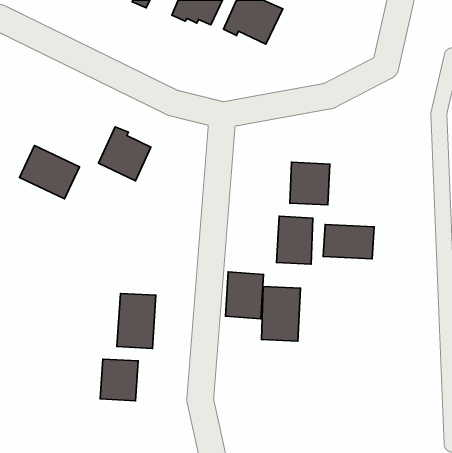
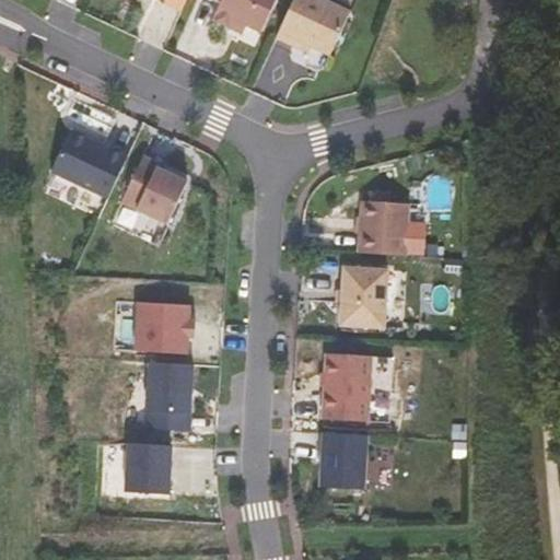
building: [19,146,80,199] -> [51,131,126,197]
building: [323,224,374,259] -> none
building: none -> [135,302,189,353]
building: [225,272,264,319] -> [319,432,366,490]

